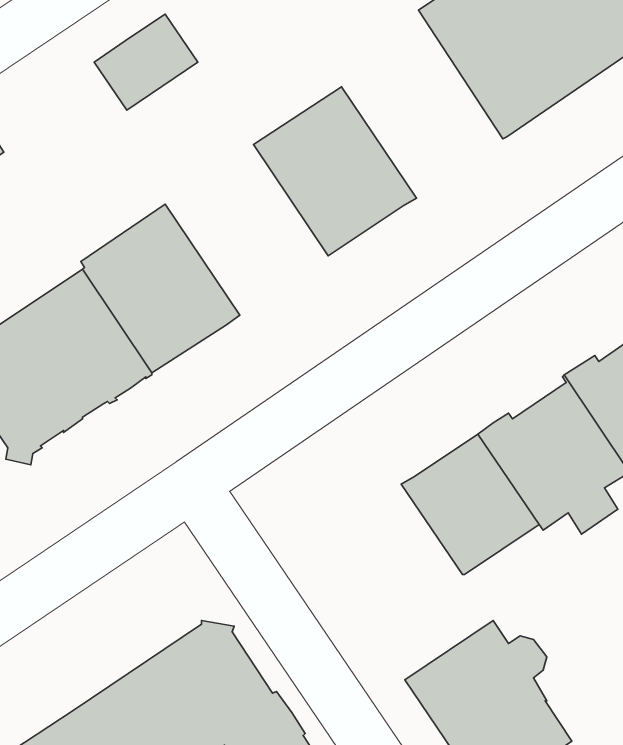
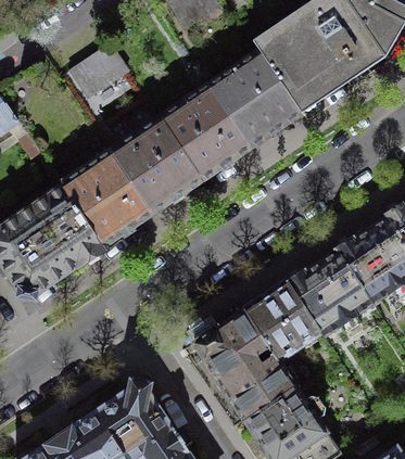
building: none -> [210,51,301,148]
building: none -> [110,117,202,214]
building: none -> [194,309,296,420]

